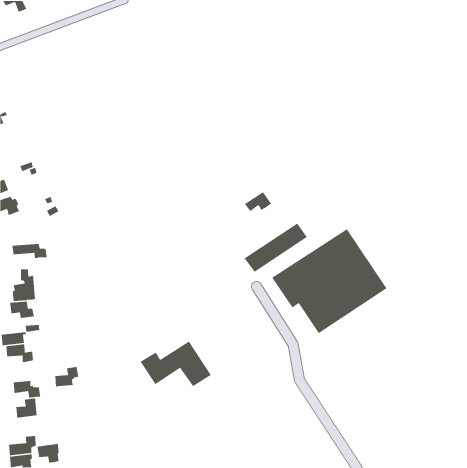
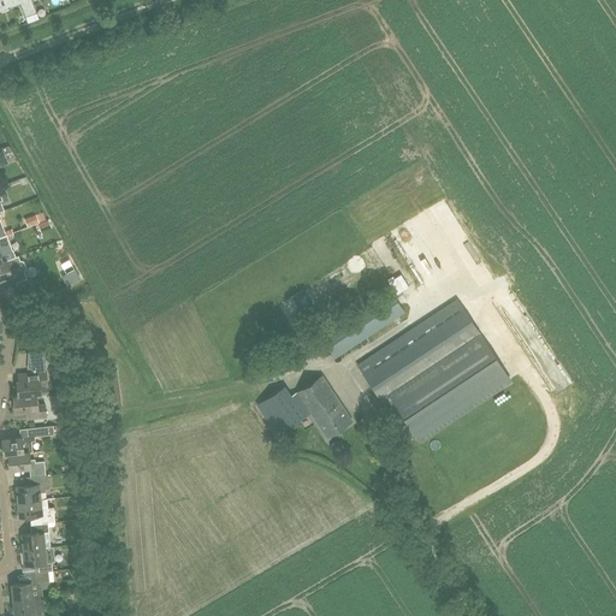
building: [244,191,272,212] -> none
building: [11,243,47,259] -> none
building: [140,340,212,387] -> [256,375,351,437]
building: [54,366,79,387] -> [16,474,48,502]
building: [37,443,60,463] -> [22,546,52,573]

